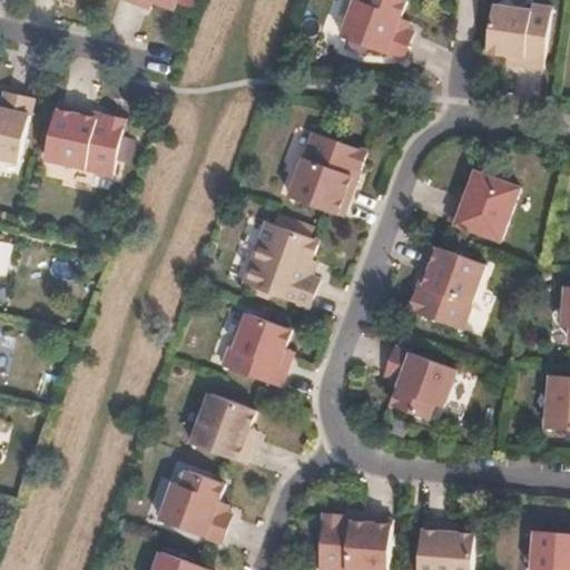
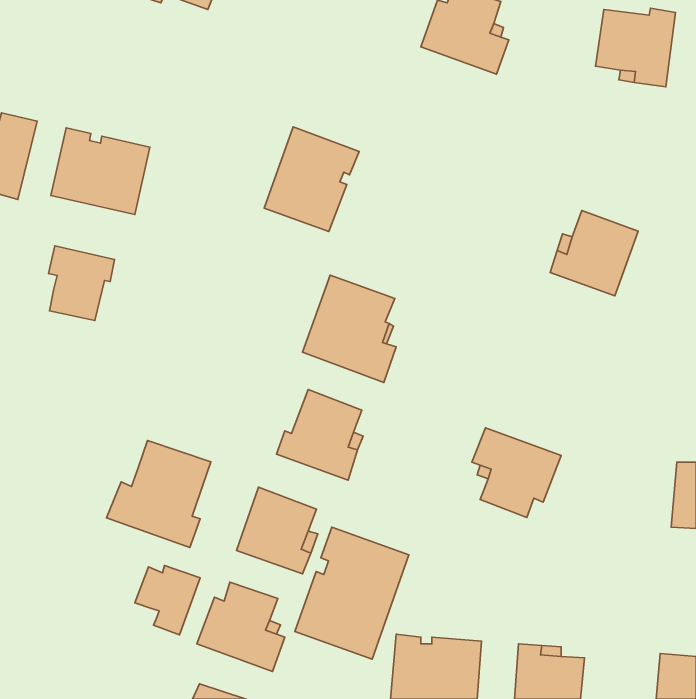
building: [291,134,367,218] -> [264,127,359,231]
building: none -> [48,246,114,320]
building: [405,244,482,328] -> none
building: none -> [107,441,211,547]
building: none -> [295,527,409,659]
building: none -> [135,565,200,635]

